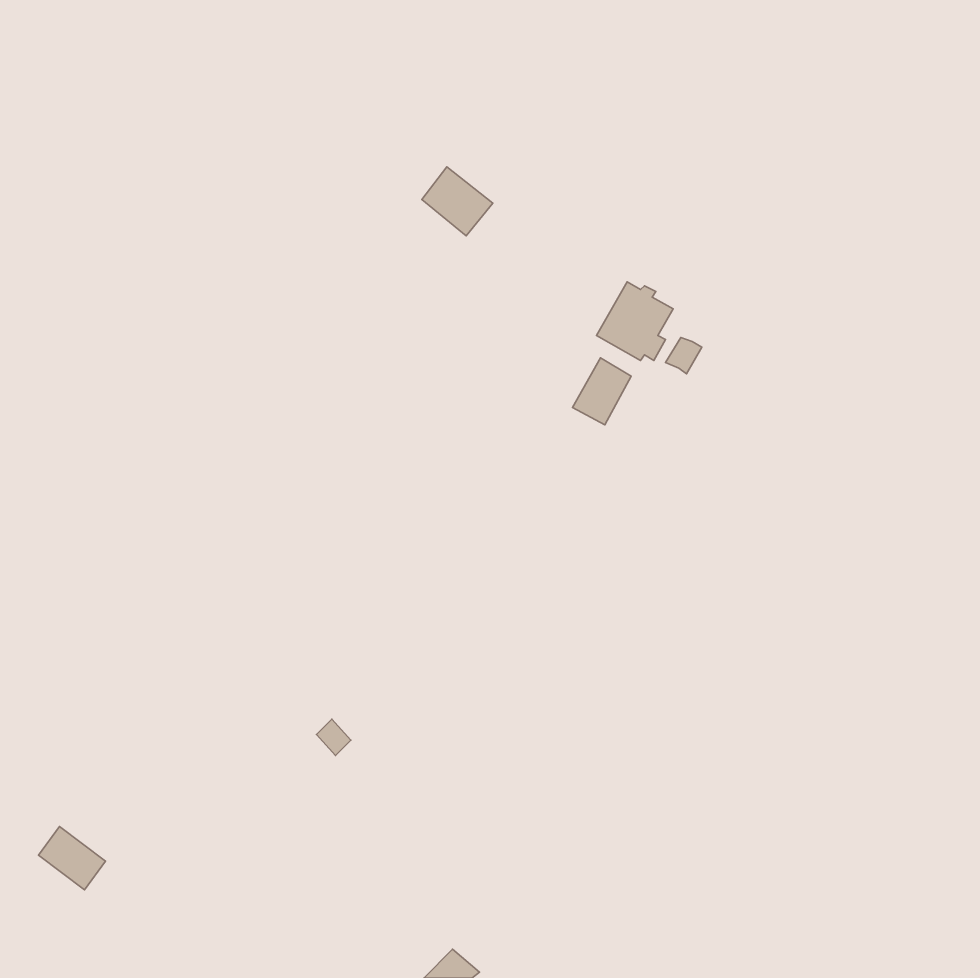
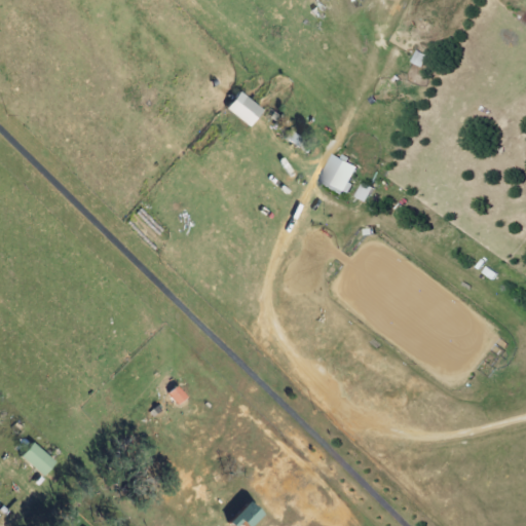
building: [573,358,631,425] -> none

